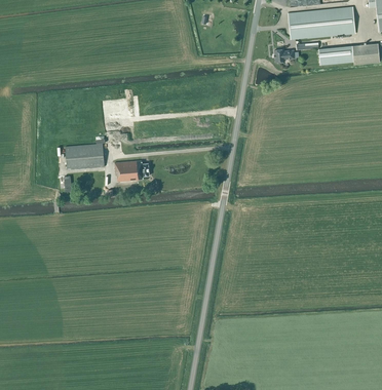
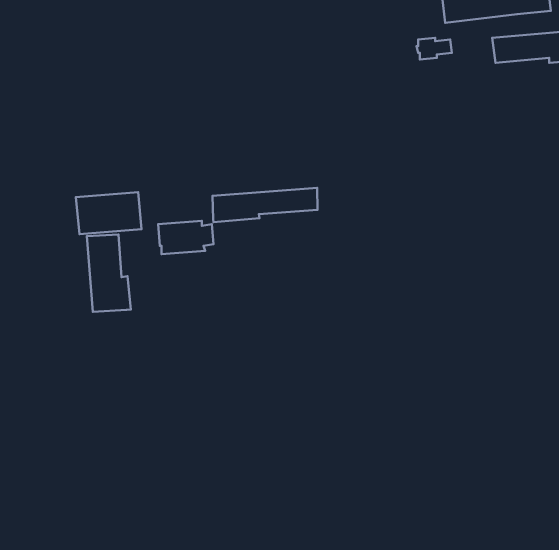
building: none -> [212,188,318,222]
building: none -> [87,234,131,312]

